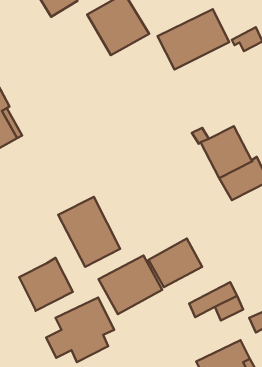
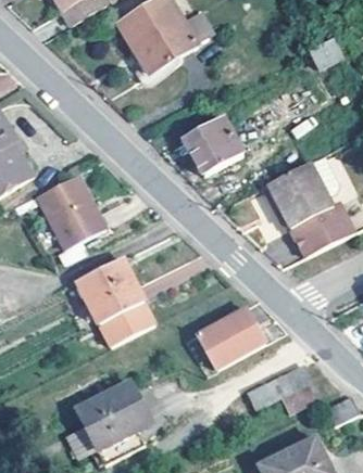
building: [157,9,229,69] -> none
building: none -> [183,116,241,175]
building: none -> [39,171,108,246]
building: [98,255,162,314] -> none
building: [19,258,73,311] -> none

